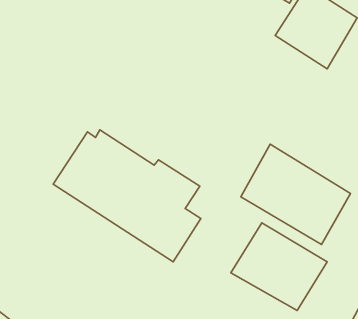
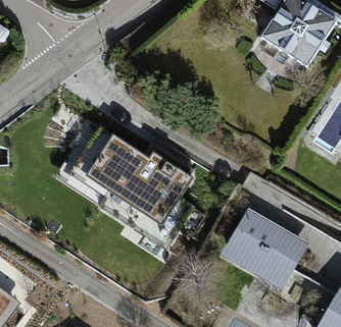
building: [241,144,350,245] -> none

